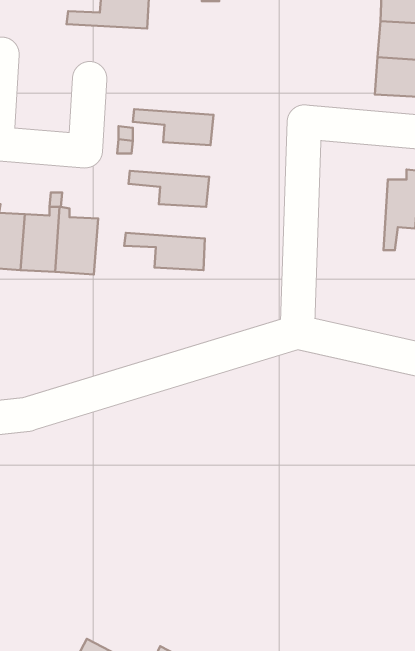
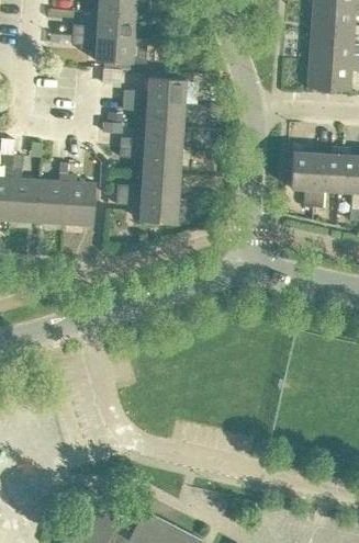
building: none -> [72,35,147,64]
building: none -> [124,77,186,104]
building: none -> [121,125,182,151]
building: none -> [290,144,317,207]
building: none -> [117,172,179,199]

